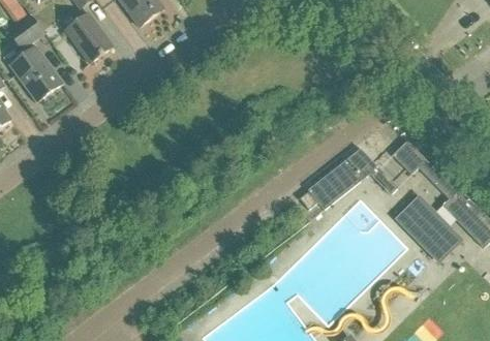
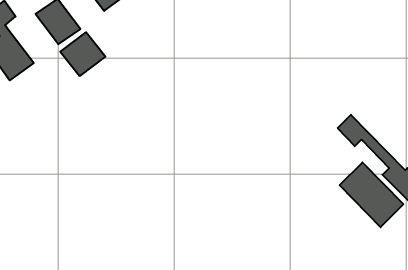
building: none -> [60,32,105,76]
building: [299,148,397,208] -> none

